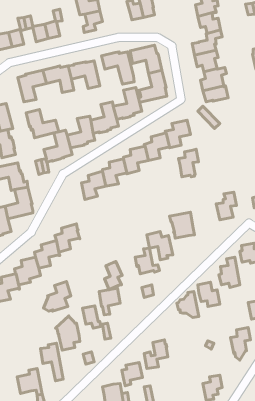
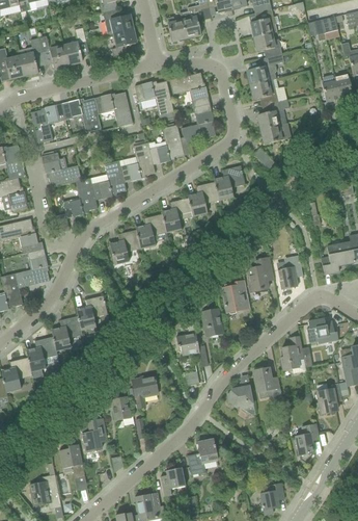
building: [178,149,199,177] -> [248,257,273,291]
building: [104,262,122,290] -> none
building: [44,282,71,311] -> none

